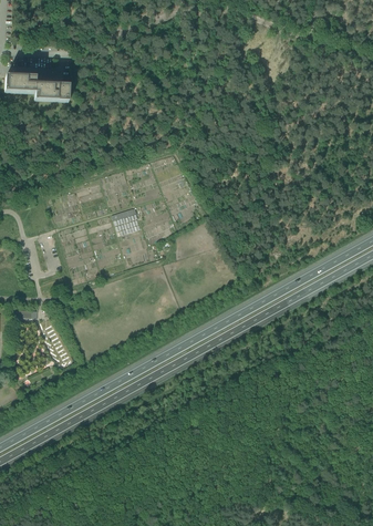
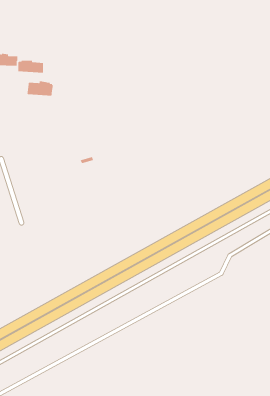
building: none -> [27,81,54,97]

